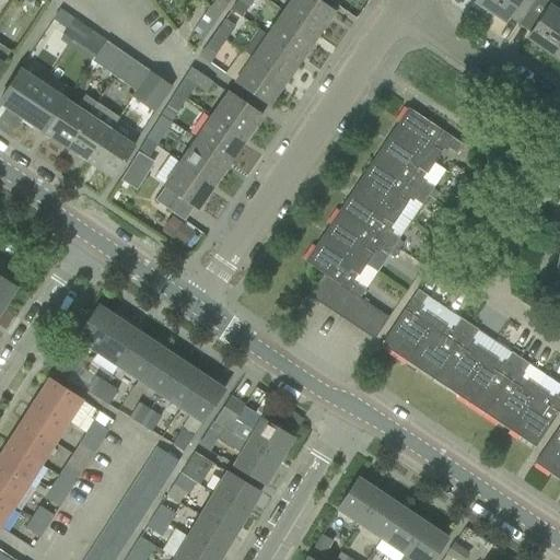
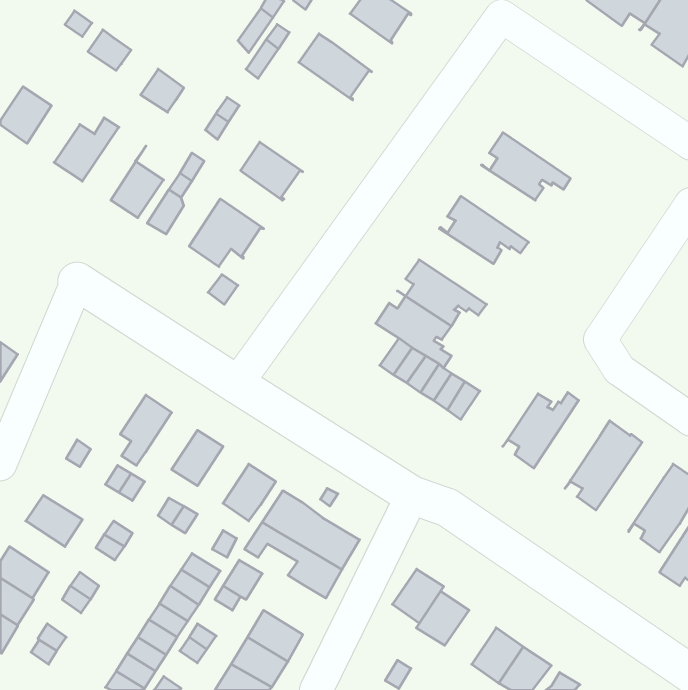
building: [270,11,319,58] -> none
building: [94,40,130,77] -> none
building: [226,49,288,104] -> none
building: [135,71,173,110] -> none
building: [24,85,67,131] -> none
building: [212,92,264,139] -> none
building: [69,116,112,162] -> none
building: [375,133,435,196] -> none
building: [180,138,231,185] -> none
building: [341,185,401,246] -> none
building: [383,289,445,361] -> none
building: [78,305,120,351] -> none
building: [434,324,495,388] -> none
building: [120,334,162,380] -> none
building: [485,358,539,429] -> none
building: [162,361,203,407] -> none
building: [37,378,82,420] -> none
building: [10,421,55,463] -> none
building: [215,471,261,513] -> none
building: [362,493,404,537] -> [392,569,444,623]

